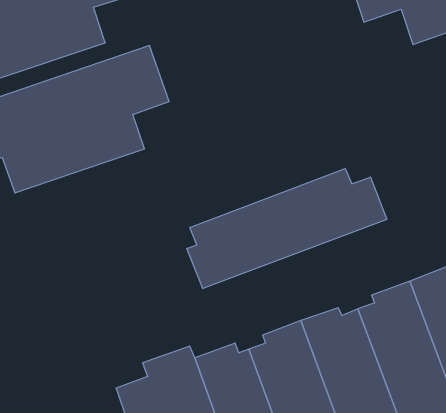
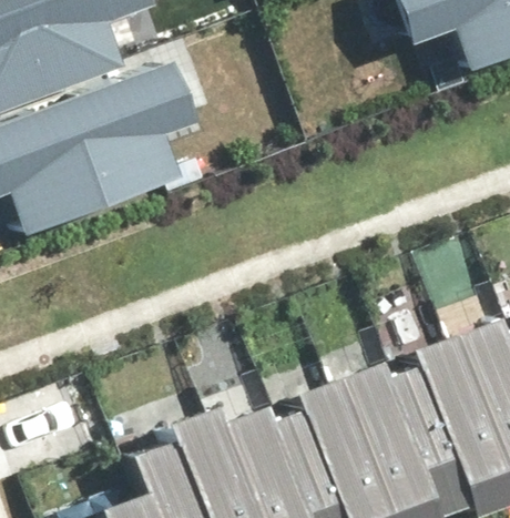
building: [187,169,387,289] -> none

